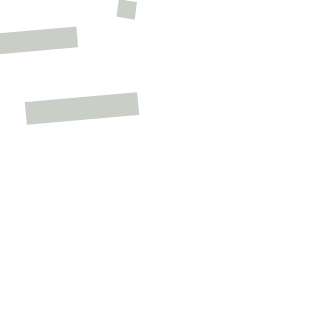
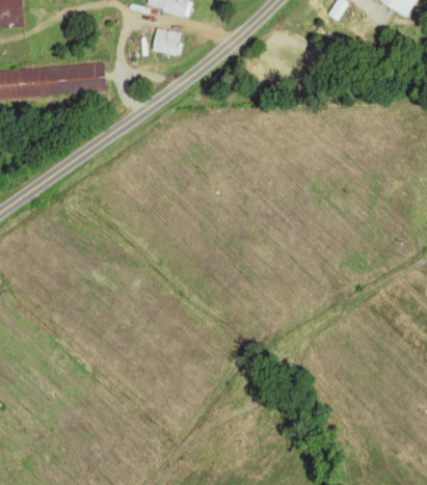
building: [24,92,140,125] -> none

